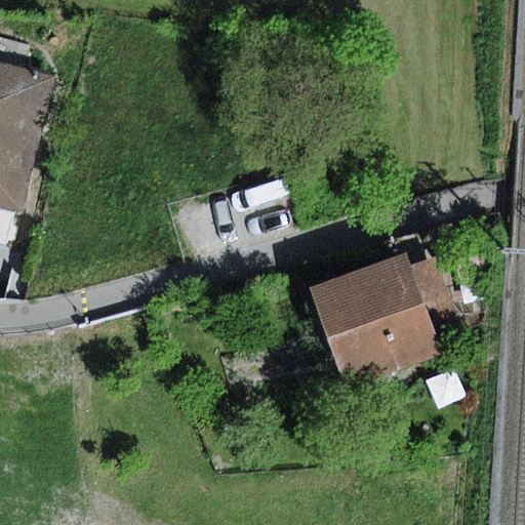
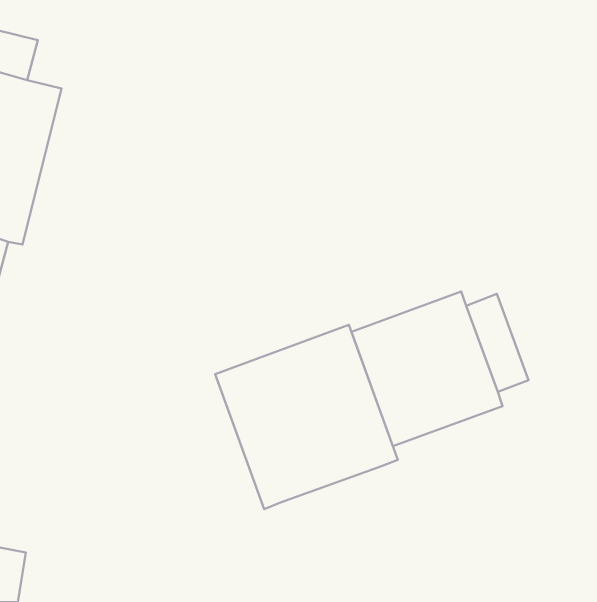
building: none -> [215,325,398,509]

